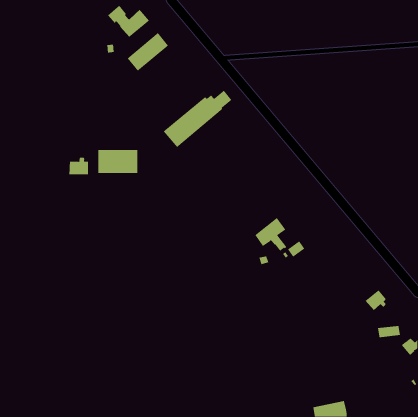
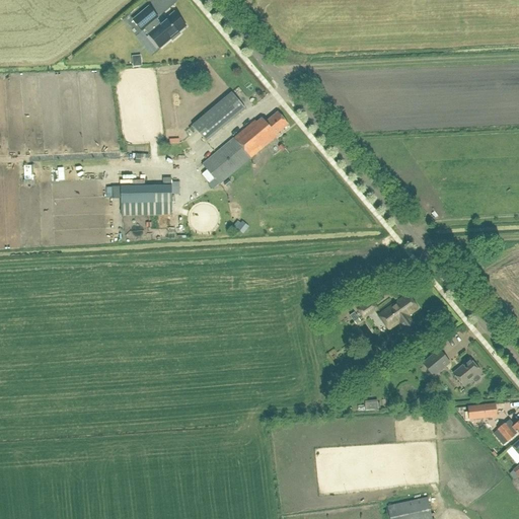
building: [127,32,169,72] -> [193,92,244,141]
building: [69,157,88,175] -> none
building: [254,217,287,252] -> [378,293,419,336]
building: none -> [422,349,450,376]

